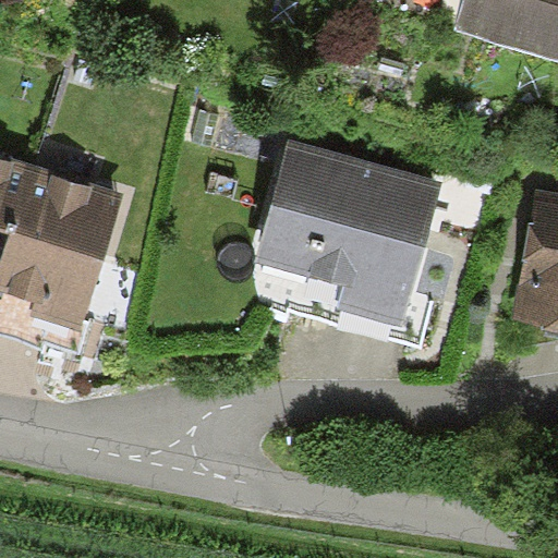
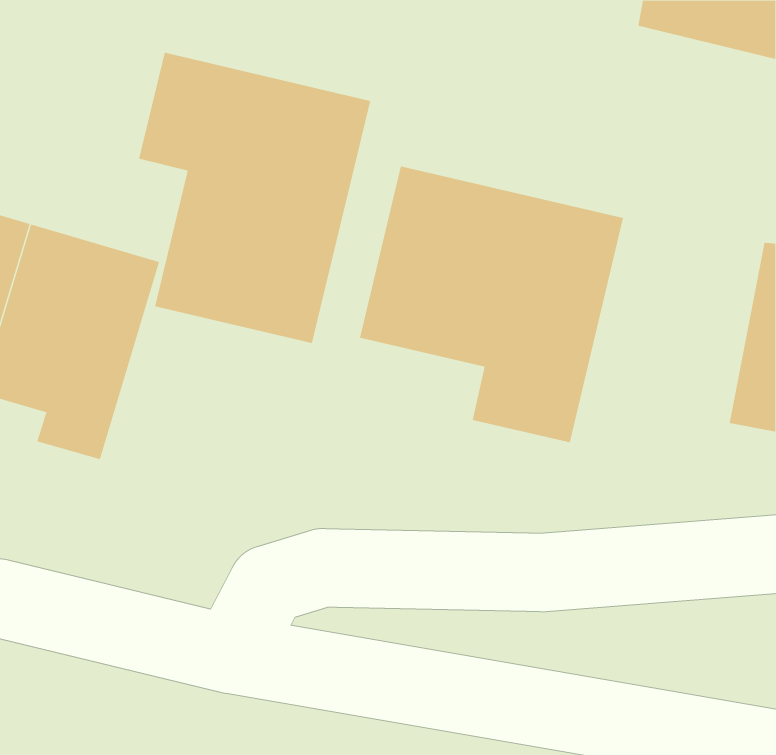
building: none -> [139,52,371,344]

